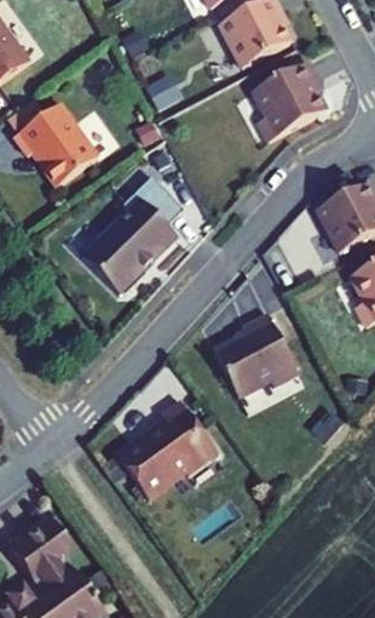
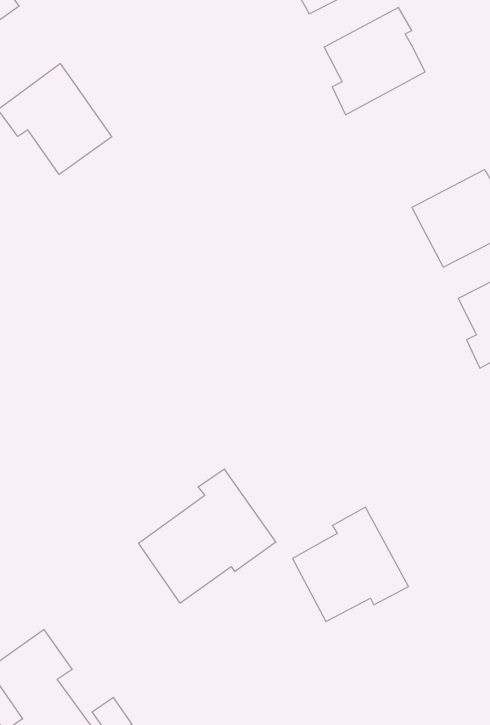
building: [81,176,183,292] -> none
building: [213,313,298,396] -> [293,507,409,621]

